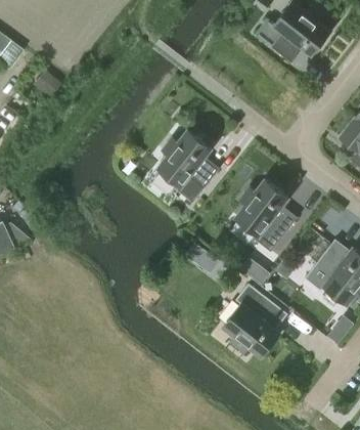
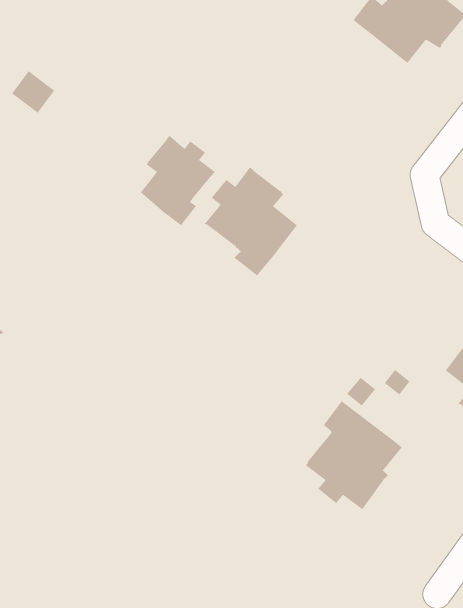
building: none -> [140,134,216,226]
building: [235,179,297,252] -> none

